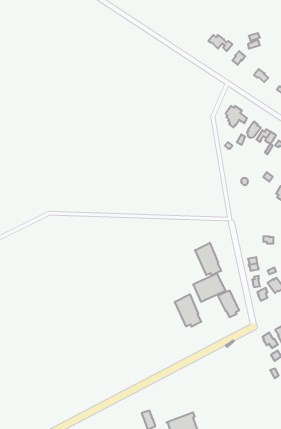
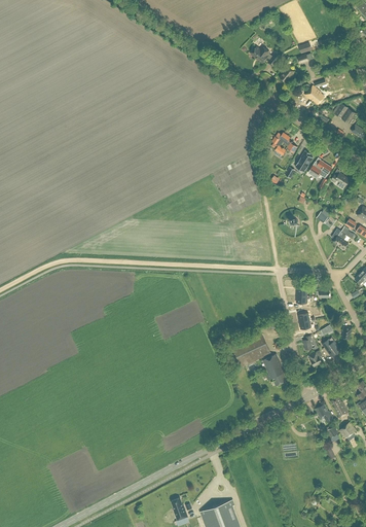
building: [195,243,221,275] -> none
building: [175,294,201,327] -> none

